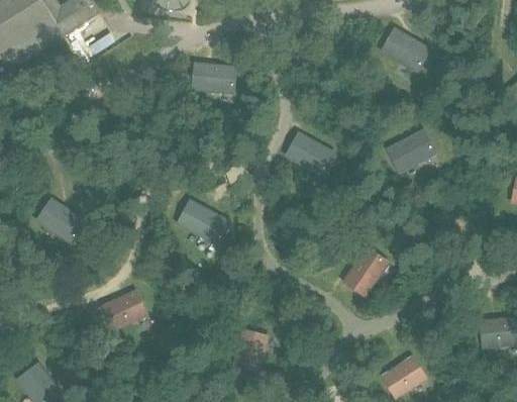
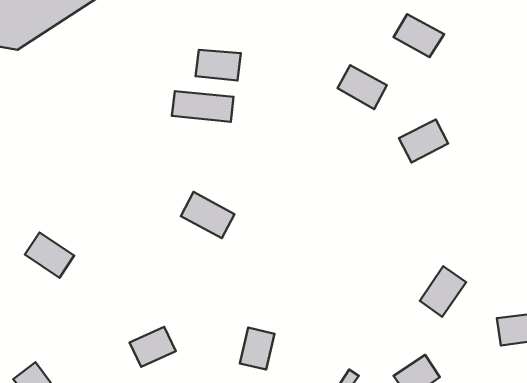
building: none -> [172,91,234,122]
building: [285,133,332,176] -> [337,65,387,109]
building: [36,199,84,242] -> [25,233,74,278]
building: [342,247,387,296] -> [420,266,466,317]
building: [103,290,147,328] -> [130,327,176,367]

